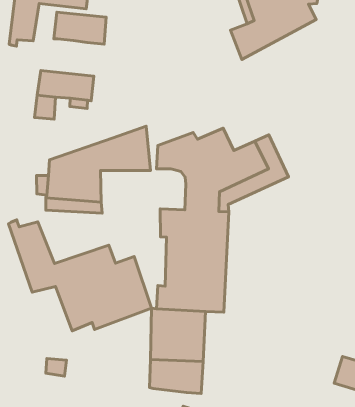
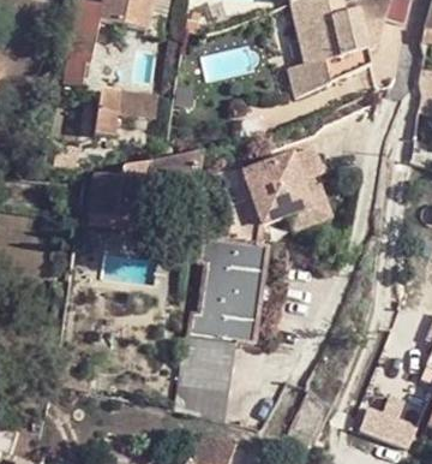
building: [54,12,106,44] -> none
building: none -> [270,144,322,184]
building: [8,220,152,331] -> none

